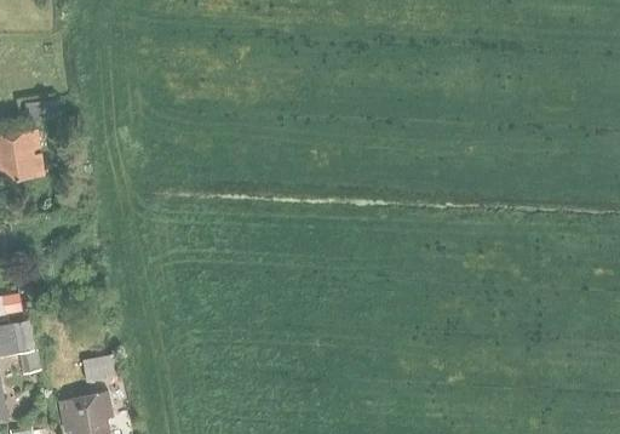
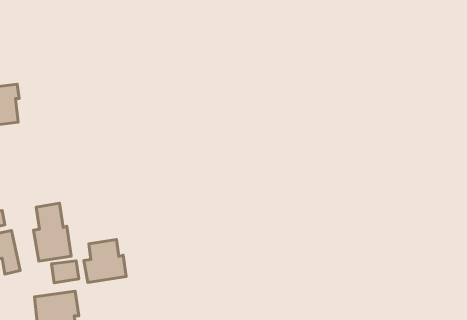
building: none -> [33,203,71,261]
building: none -> [84,239,126,282]

